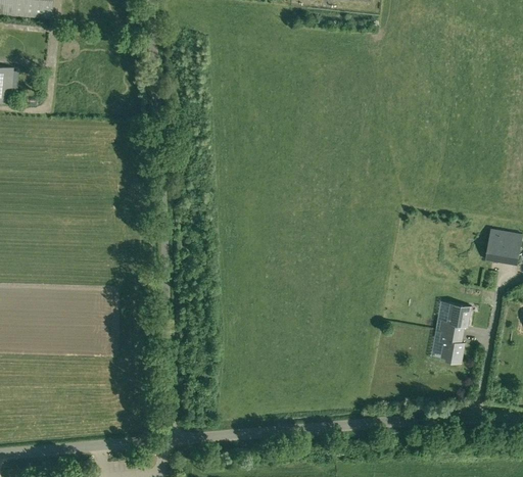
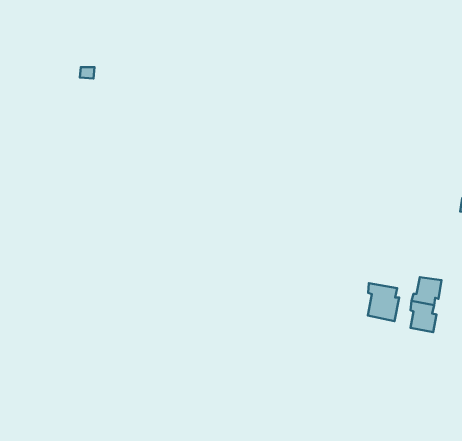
building: none -> [368,283,399,321]

